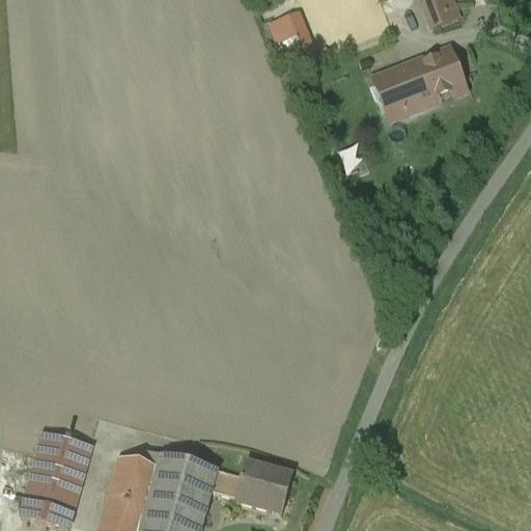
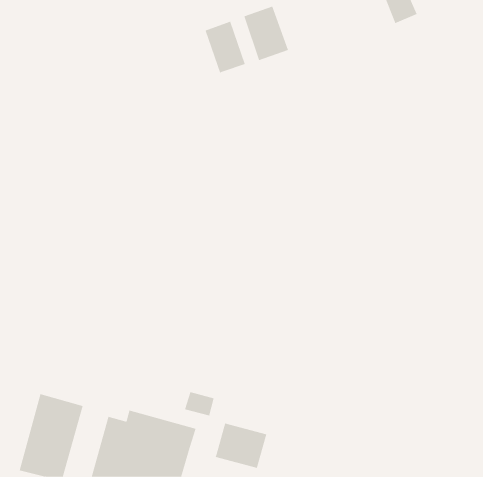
building: none -> [205,21,245,74]
building: [385,52,465,112] -> none
building: [209,470,243,497] -> [184,392,214,416]

